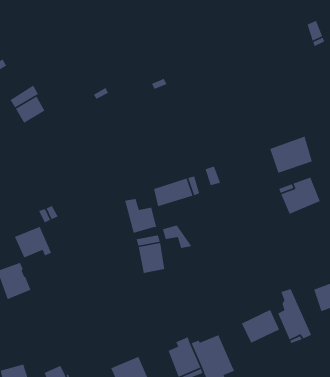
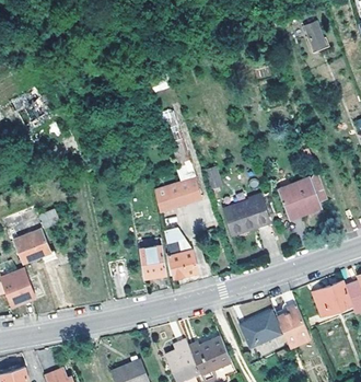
building: [269,136,313,174] -> [224,197,268,235]
building: [124,198,157,234] -> [165,241,198,277]

